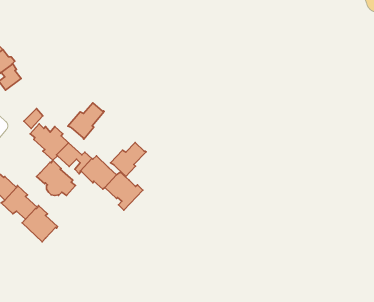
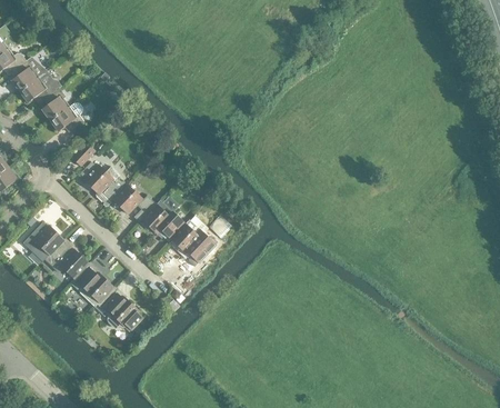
building: none -> [49,102,82,131]
building: [68,103,104,139] -> none
building: [110,142,146,177] -> none
building: [37,160,76,196] -> [93,286,141,329]

